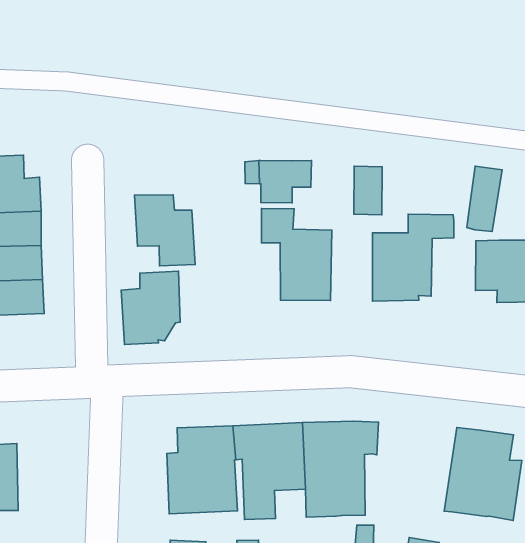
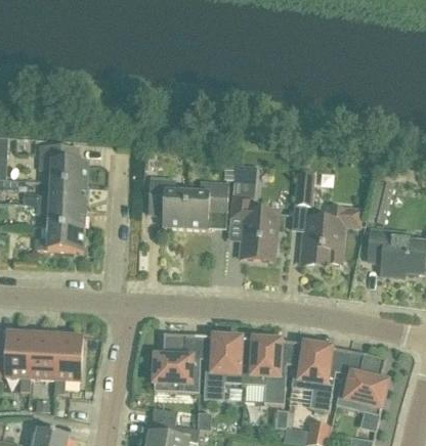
building: [121,271,180,344] -> [185,181,225,228]
building: none -> [291,342,348,409]
building: none -> [53,334,82,392]

